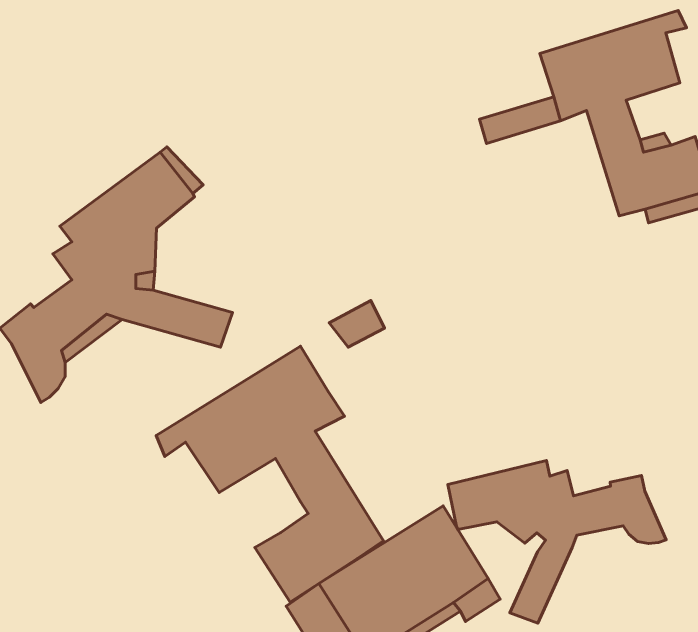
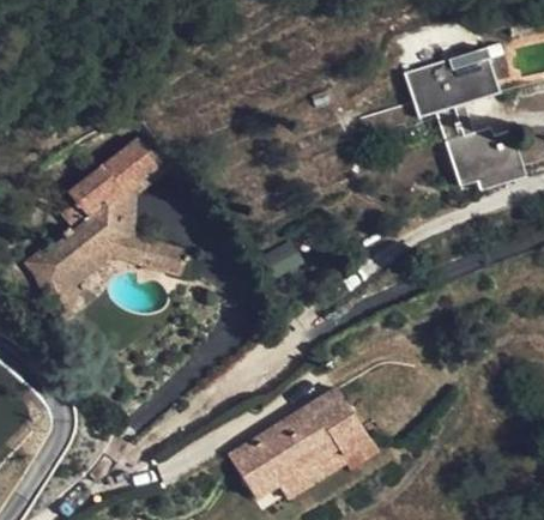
building: [156,346,383,602] -> none
building: [448,460,666,623] -> none

